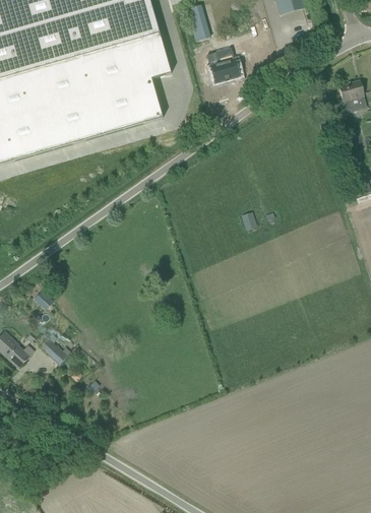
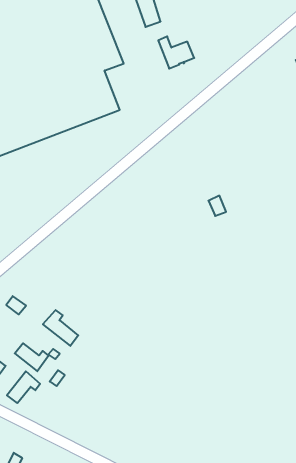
building: none -> [43,310,78,346]
building: none -> [7,371,40,403]

